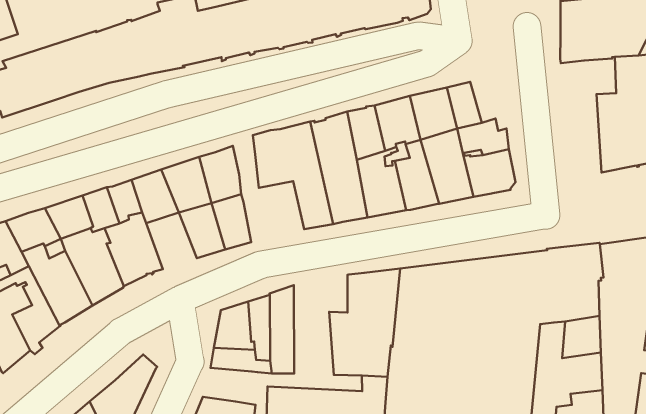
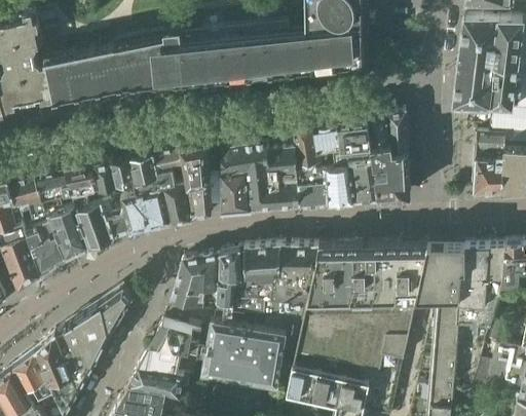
building: none -> [383,114,406,155]
building: none -> [220,175,250,214]
building: none -> [135,188,168,228]
building: none -> [230,248,277,319]
building: none -> [422,326,456,353]

